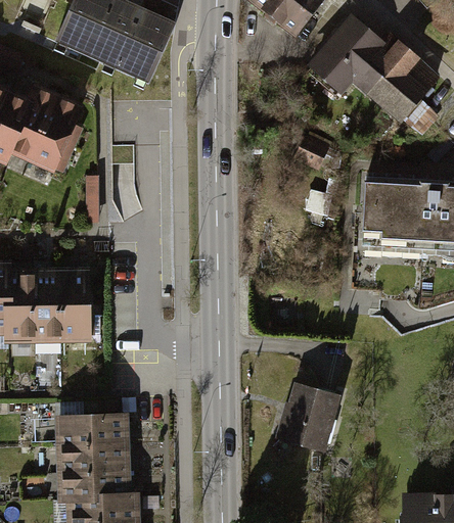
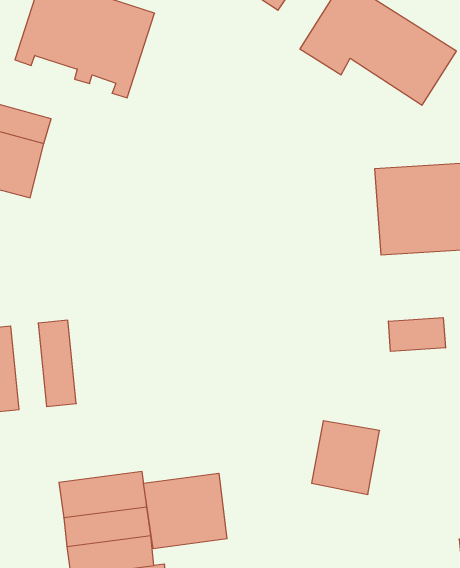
building: [34,278,57,349] -> none
building: none -> [388,318,445,351]
building: none -> [144,473,227,549]

